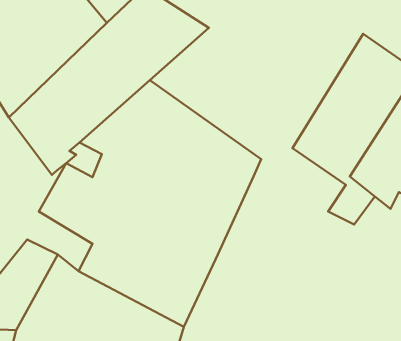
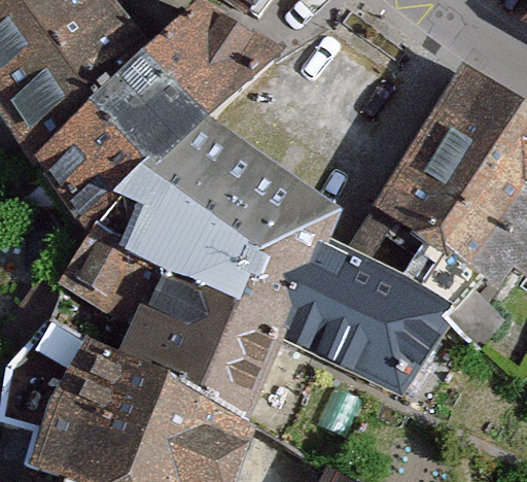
building: none -> [288,241,457,392]

